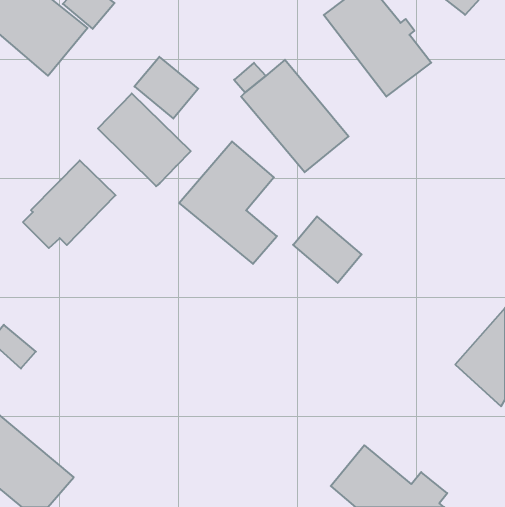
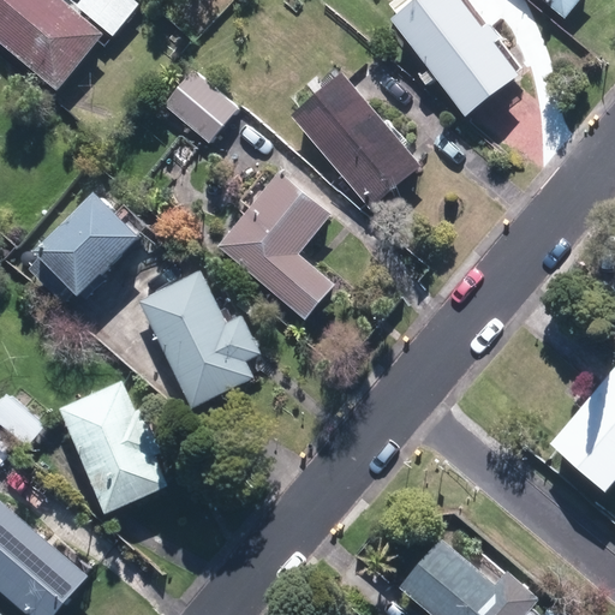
building: [98,93,191,186] -> none
building: [293,216,362,283] -> none
building: none -> [139,270,263,406]
building: none -> [59,380,169,512]

